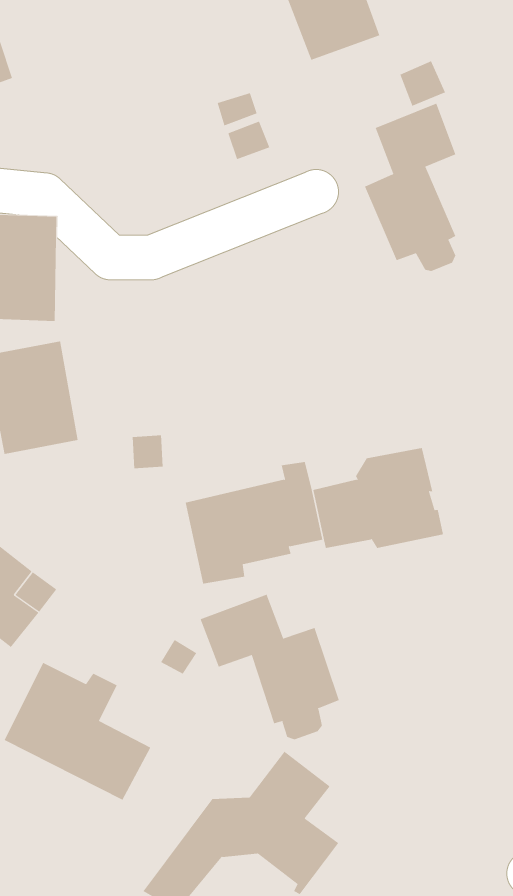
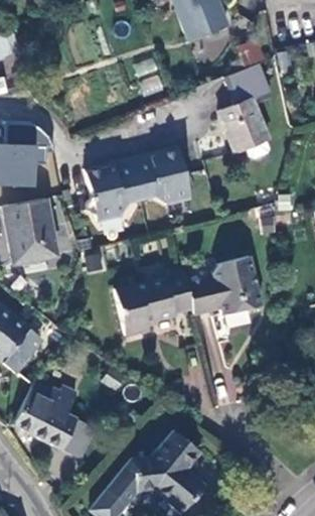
building: none -> [90,146,195,217]
building: [200,594,339,740] -> none

